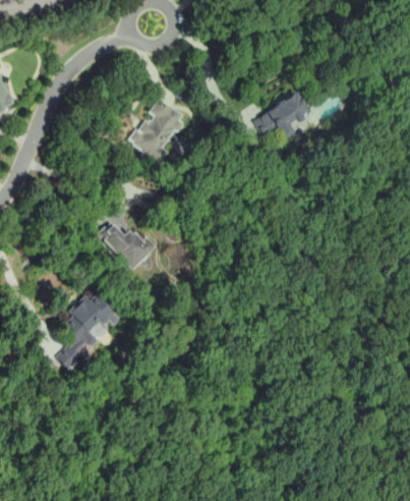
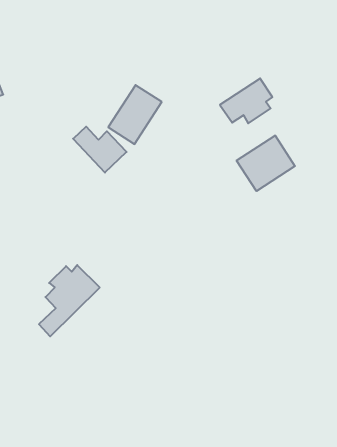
building: none -> [237,135,295,191]
building: [96,220,154,270] -> [73,127,127,173]

